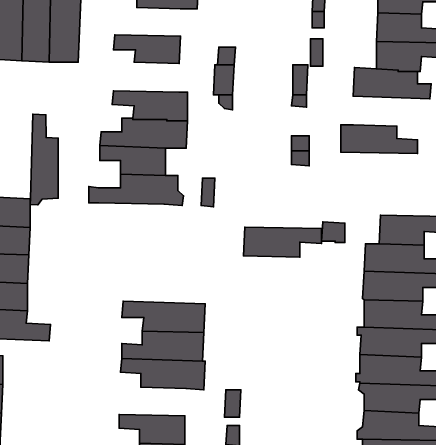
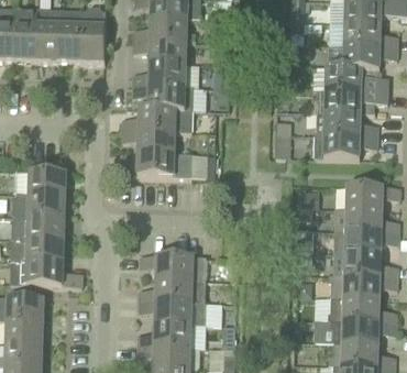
building: none -> [133,18,194,42]
building: none -> [132,62,185,86]
building: none -> [324,89,386,113]
building: [30,114,58,205] -> none
building: [244,227,322,257] -> [314,134,376,158]
building: none -> [136,323,205,348]

